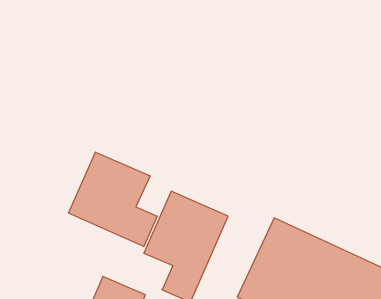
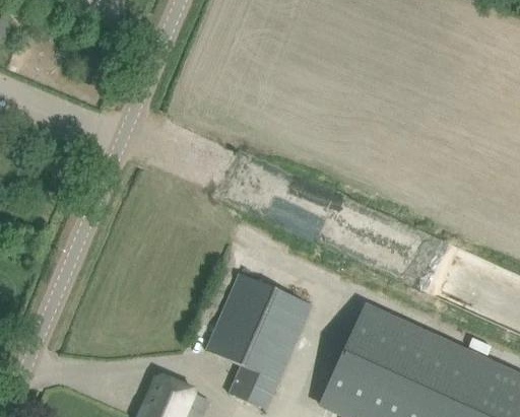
building: [69,152,157,247] -> none

